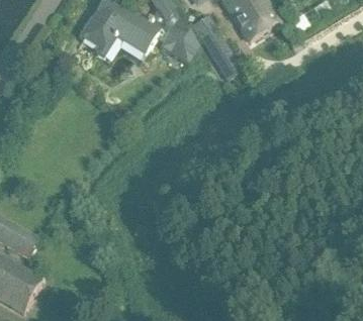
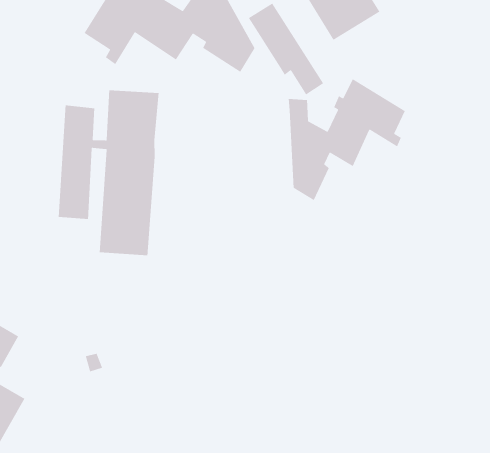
building: none -> [288,78,406,201]
building: none -> [58,90,159,256]

